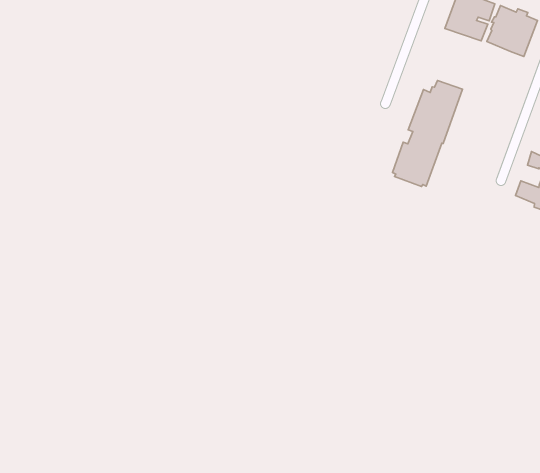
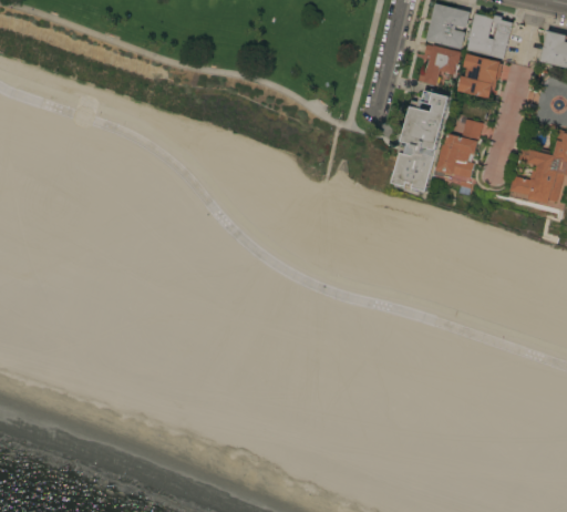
building: none -> [417,44,461,85]
building: none -> [457,53,502,99]
building: none -> [436,120,482,177]

